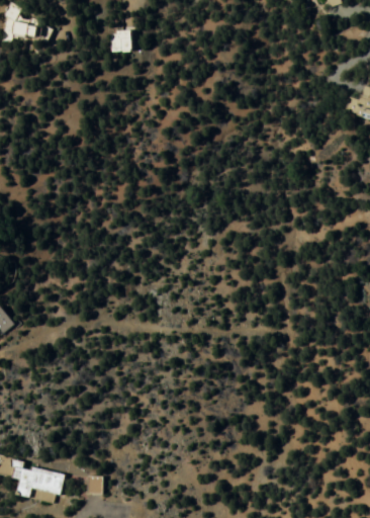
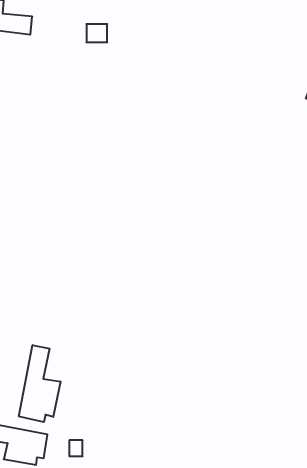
building: none -> [19,345,60,422]

